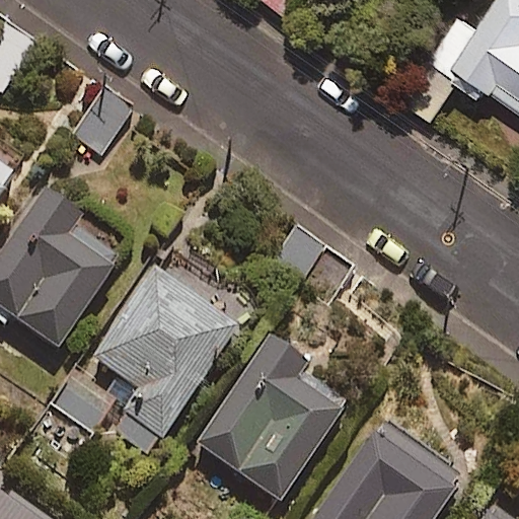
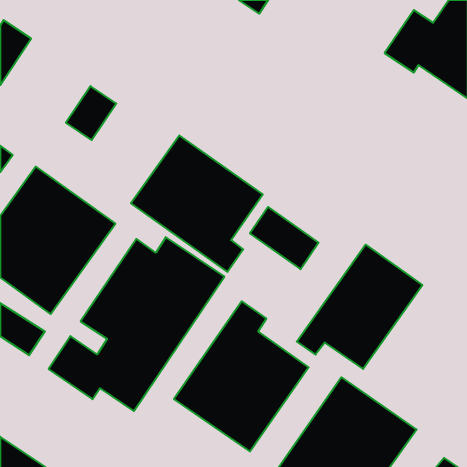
building: none -> [131,135,263,272]
building: none -> [297,245,422,369]

